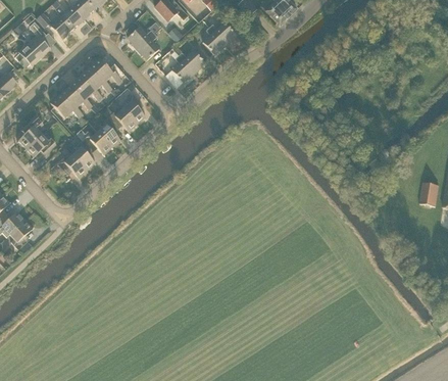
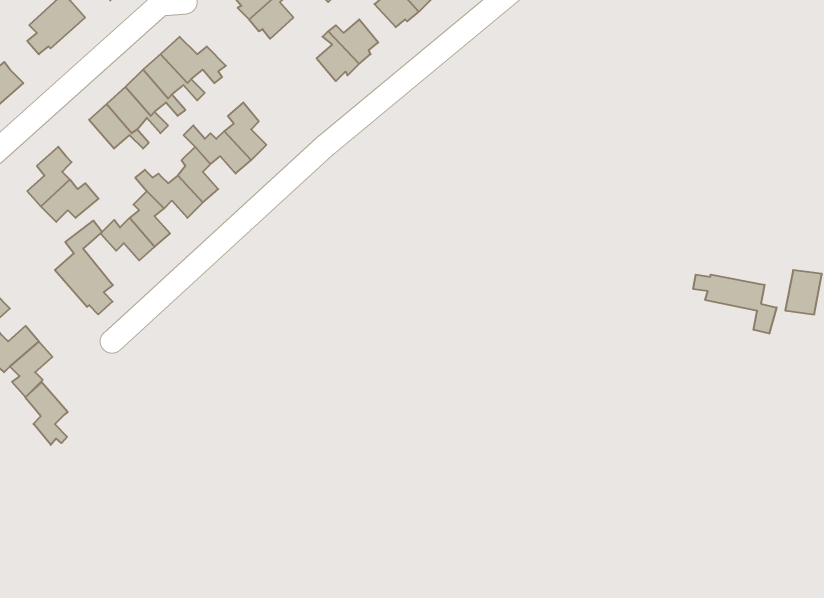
building: none -> [55,221,113,314]
building: none -> [693,275,777,334]
building: none -> [25,382,68,445]

